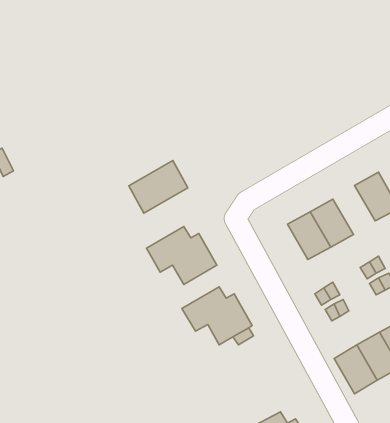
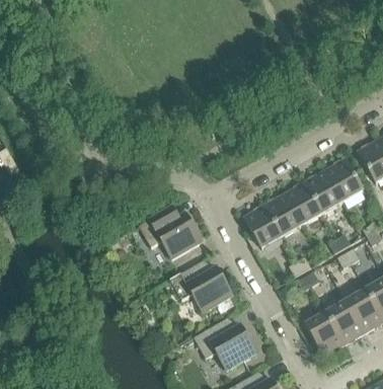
building: [129,161,188,213] -> none
building: none -> [305,169,342,213]
building: none -> [244,204,283,247]
building: none -> [195,317,257,369]

